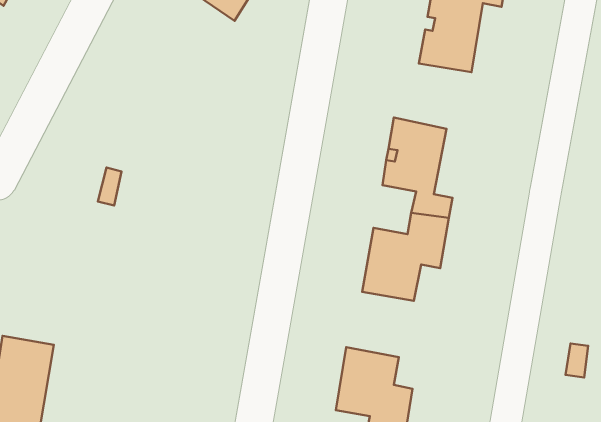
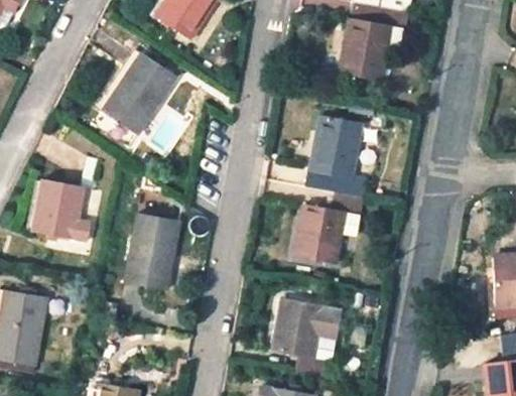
building: none -> [103,53,174,132]
building: none -> [32,180,89,239]
building: none -> [124,213,178,287]

